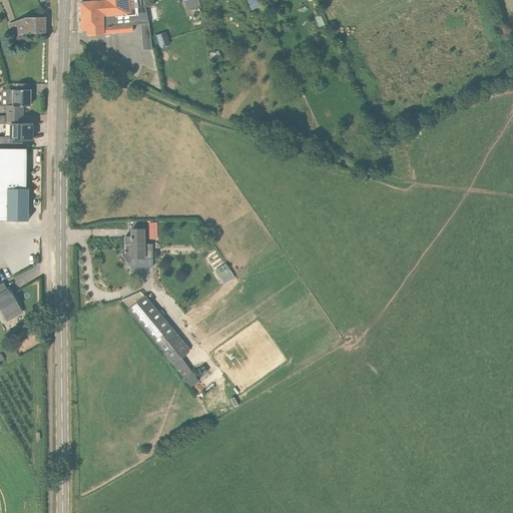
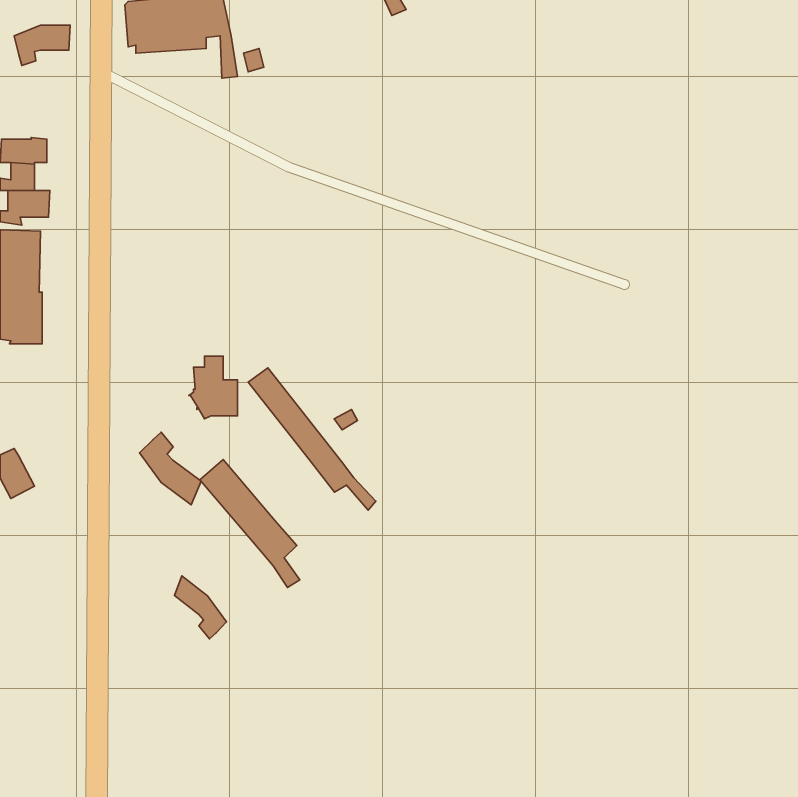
building: none -> [248,368,376,510]
building: none -> [140,432,201,505]
building: none -> [174,576,227,639]

